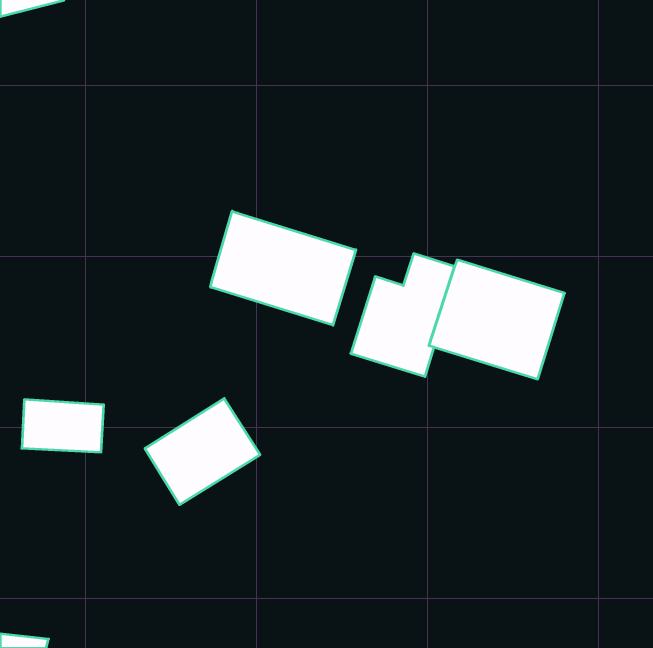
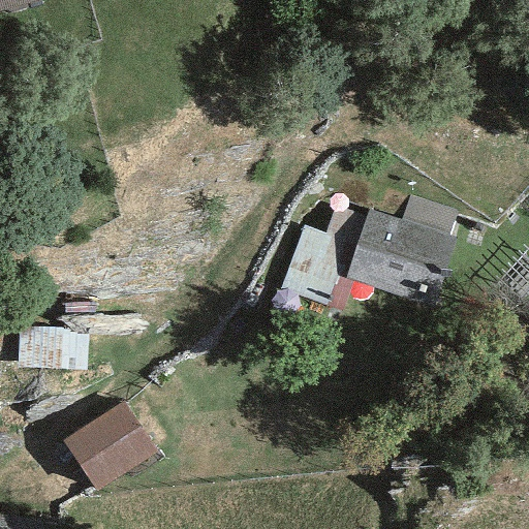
building: [211,211,356,325] -> none
building: [145,398,260,505] -> [65,402,158,488]

